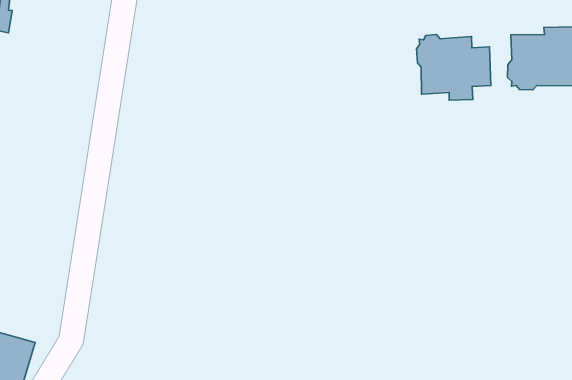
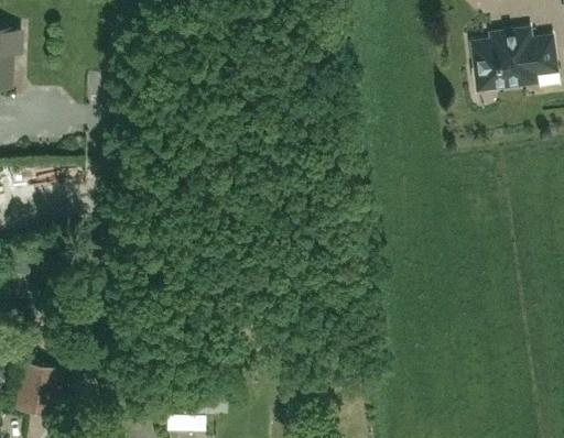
building: [417,34,491,100] -> none

